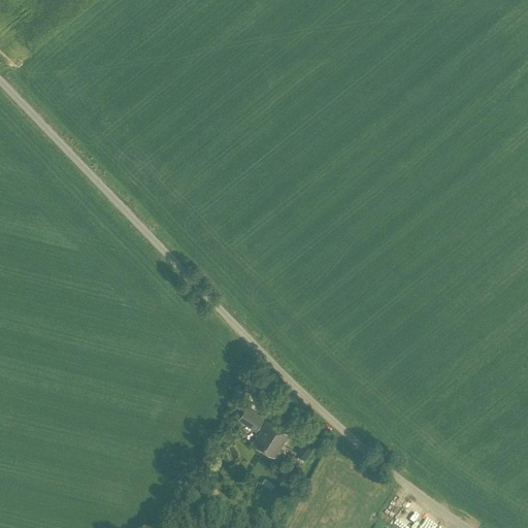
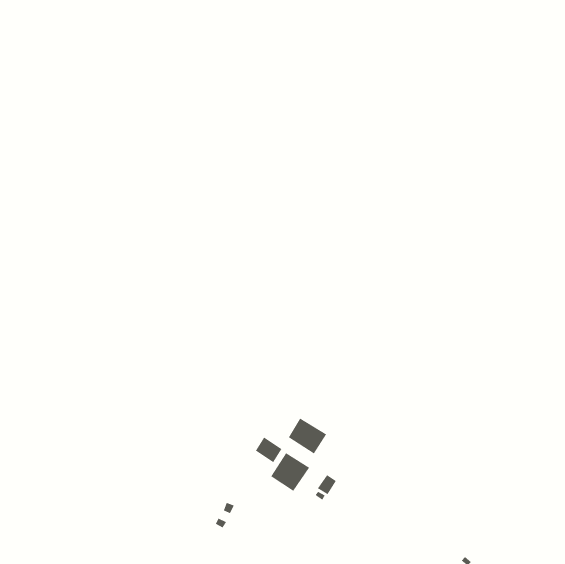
building: none -> [288,418,327,455]

